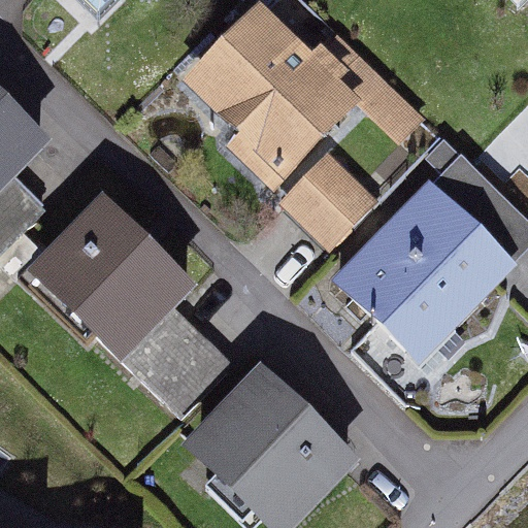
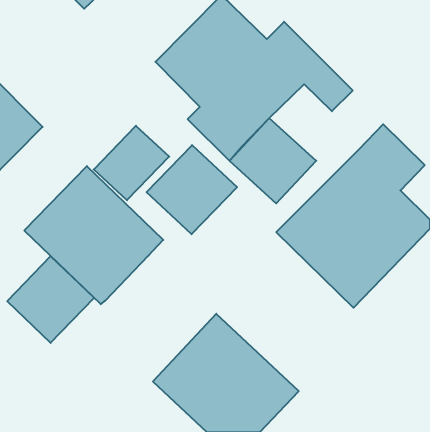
building: none -> [94,126,169,200]
building: none -> [147,145,237,234]
building: [125,303,228,406] -> [7,256,94,343]

